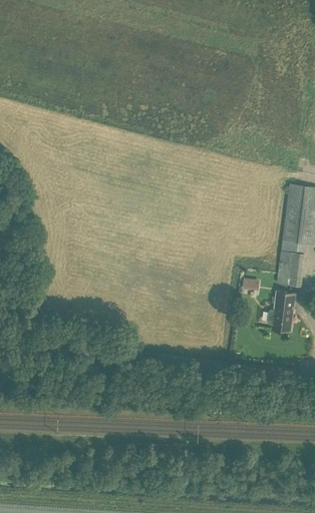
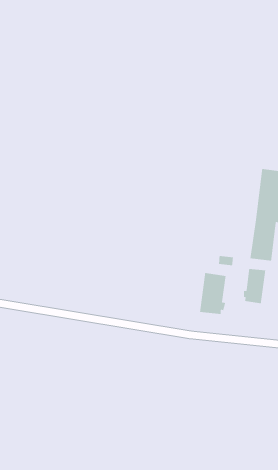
building: none -> [199,272,227,315]

